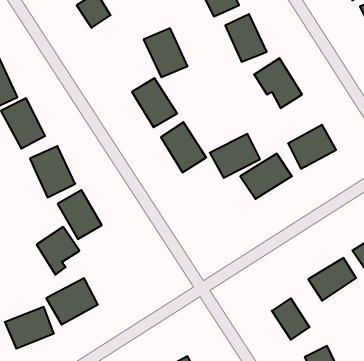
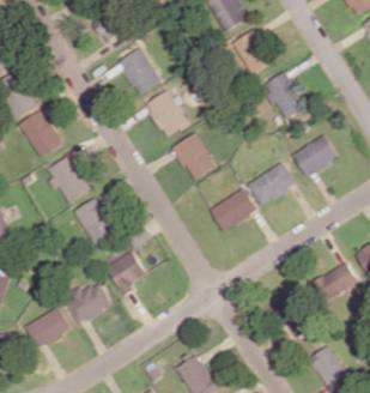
building: [144,28,188,77] -> [119,48,160,95]
building: [210,134,260,178] -> [210,188,257,230]
building: [37,227,79,275] -> [107,250,147,296]

